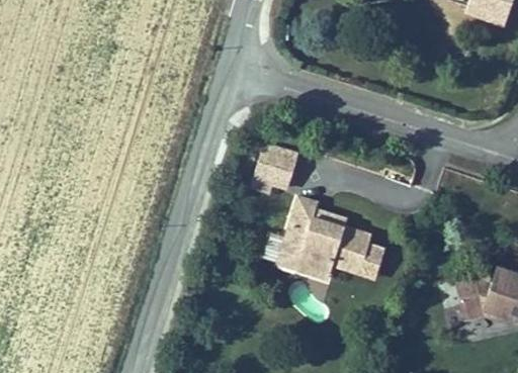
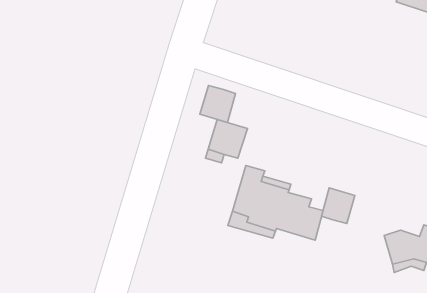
building: none -> [200,85,235,123]
building: none -> [322,188,355,223]

